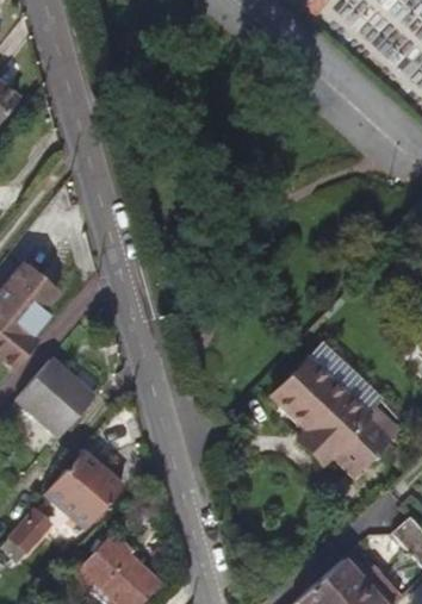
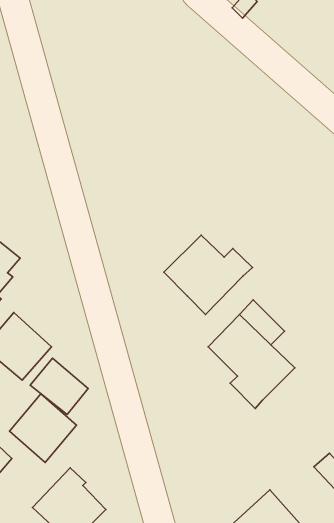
building: none -> [164,235,252,314]
building: none -> [30,358,88,414]
building: [335,421,393,479] -> none

